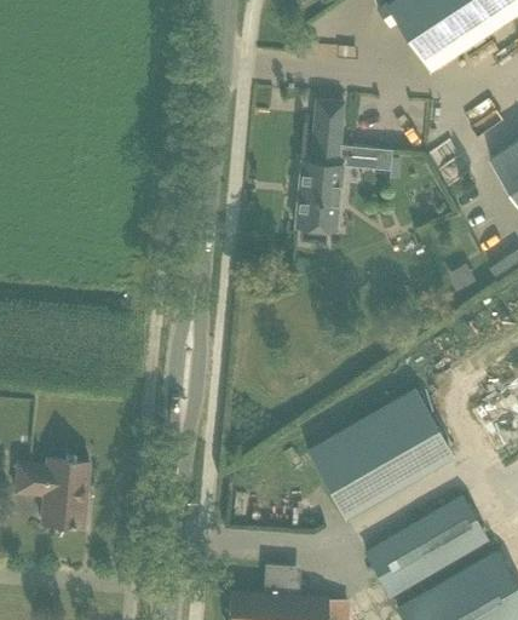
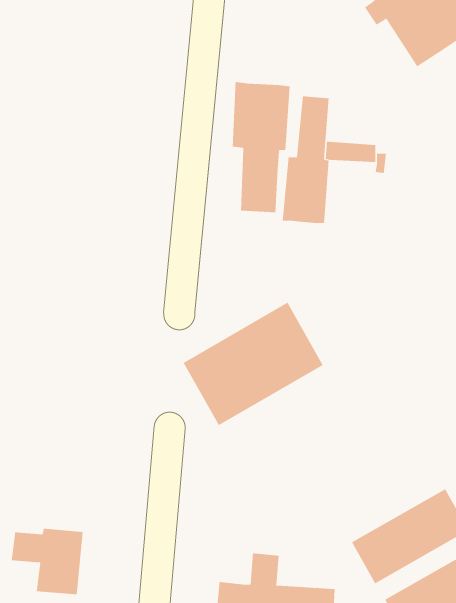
building: none -> [232,81,290,213]
building: [307,389,450,515] -> [183,302,324,426]
building: [16,458,90,526] -> [11,528,84,595]

